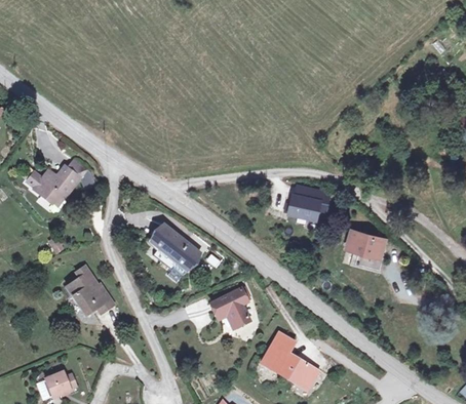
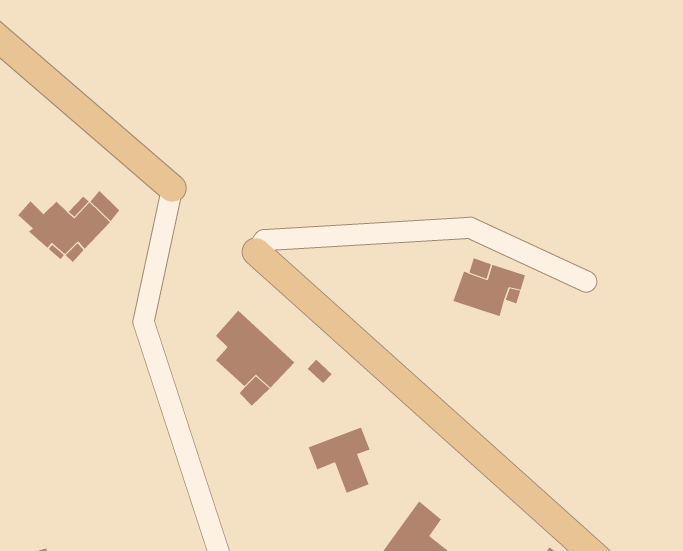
building: [349,229,387,270] -> none
building: [65,267,114,316] -> none

